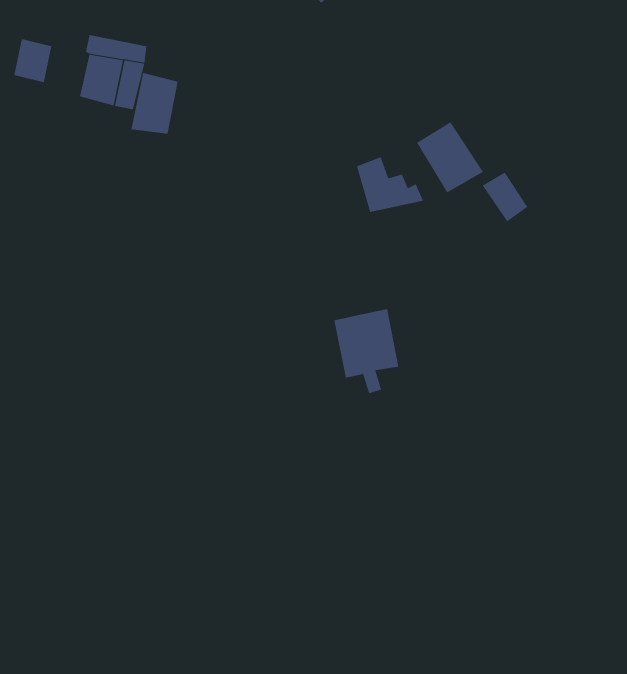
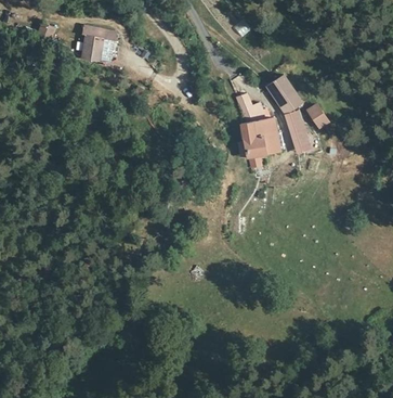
building: [131,72,178,134] -> none
building: none -> [284,108,311,152]
building: [334,309,399,394] -> [240,117,277,165]

